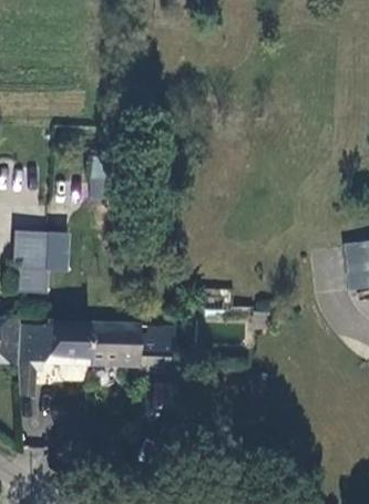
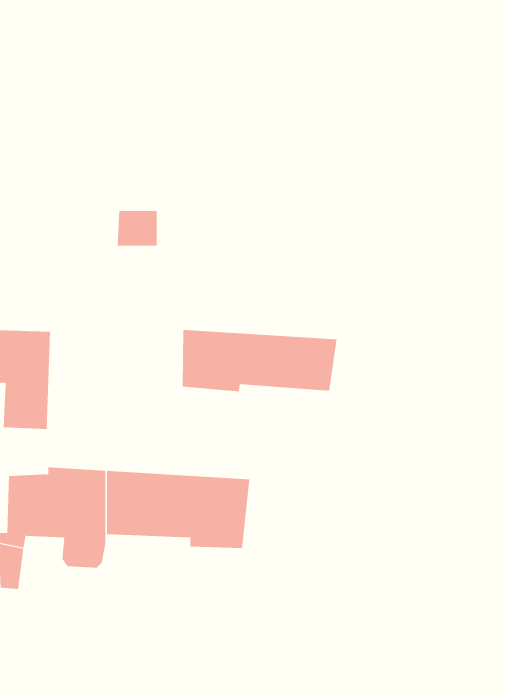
building: none -> [182,329,337,392]

